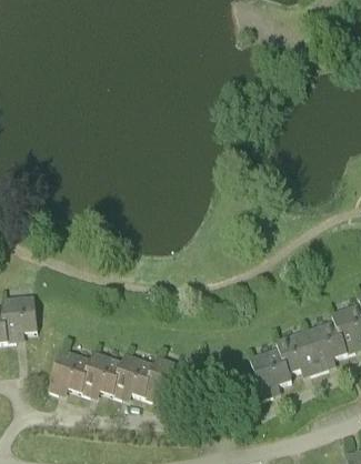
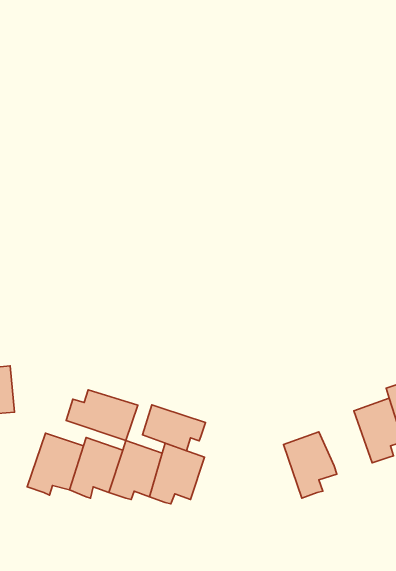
building: none -> [66,390,138,440]
building: none -> [143,405,205,451]
building: [275,331,320,377] -> none

